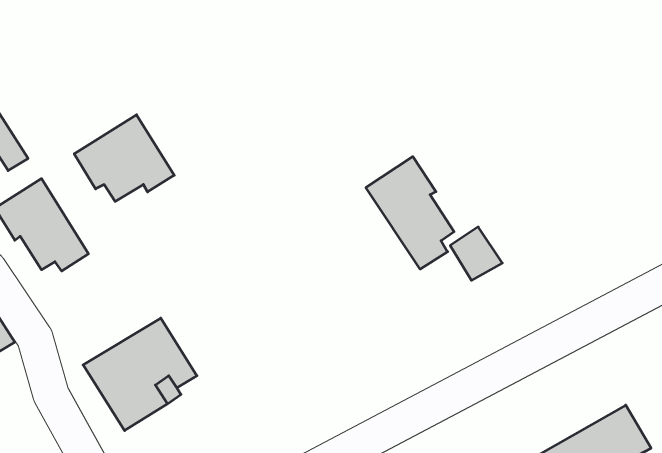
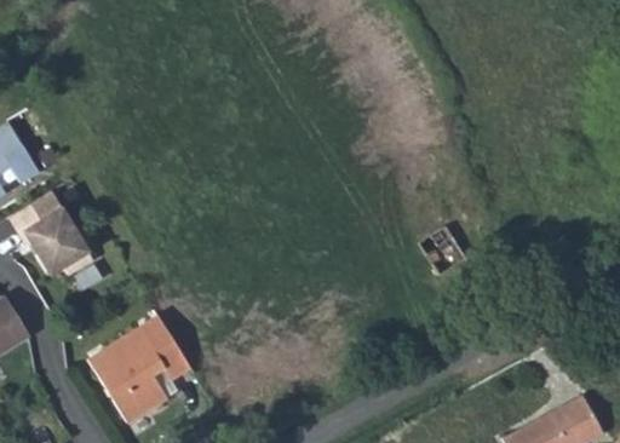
building: [74,115,174,201] -> none
building: [366,157,454,269] -> none

